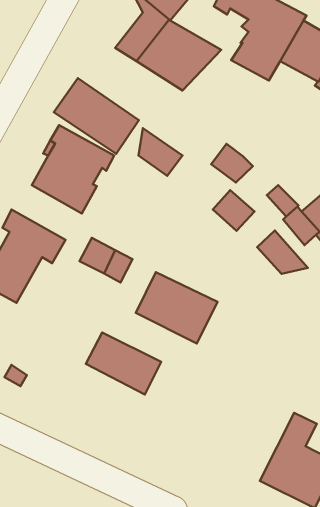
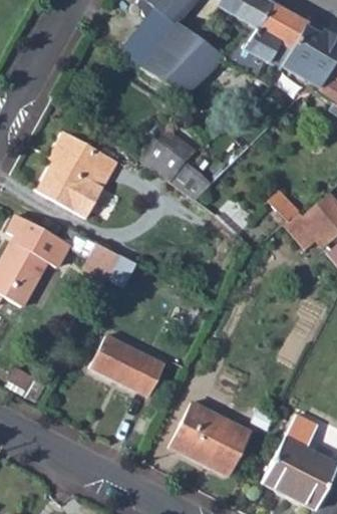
building: [54,78,139,154] -> none
building: [211,144,253,182] -> [171,161,212,199]
building: [257,230,308,274] -> none
building: [136,272,218,343] -> none
building: none -> [170,402,251,476]

